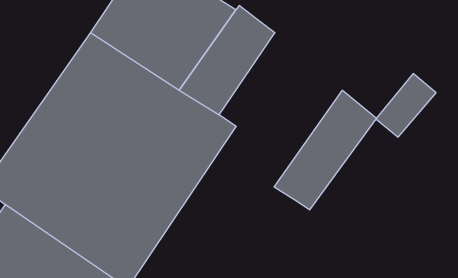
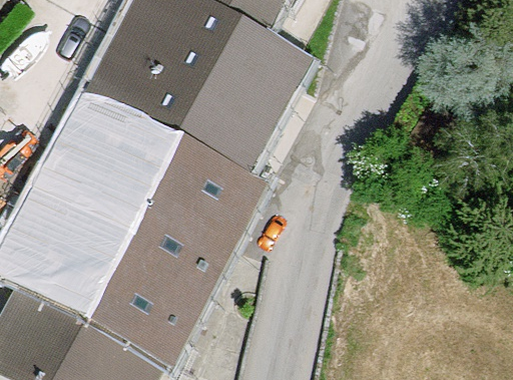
building: [274,90,377,210] -> none

